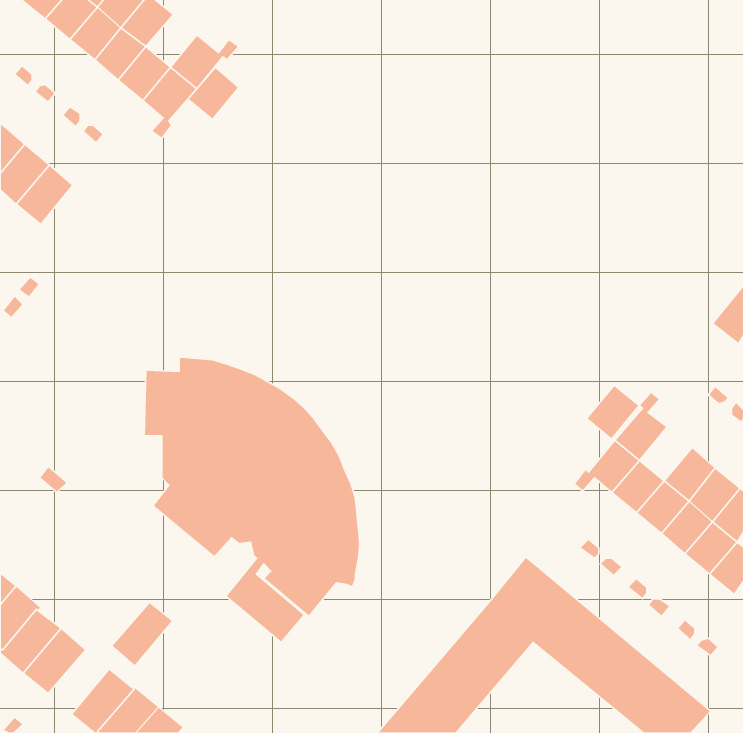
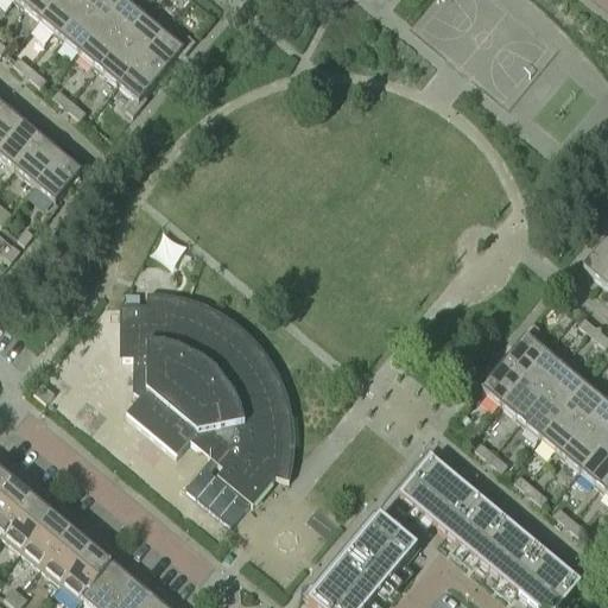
building: [188,67,239,120] -> [120,12,162,55]
building: none -> [34,151,82,200]
building: [587,385,639,439] -> [522,348,565,392]
building: [112,602,173,666] -> [40,530,90,582]

